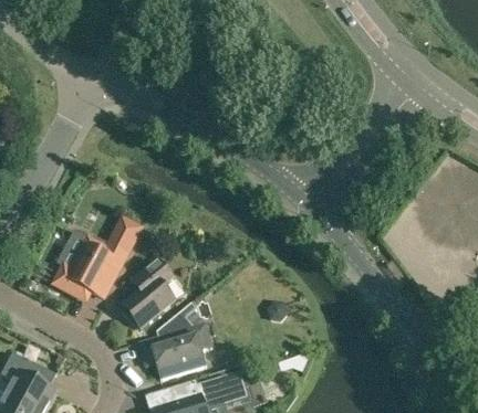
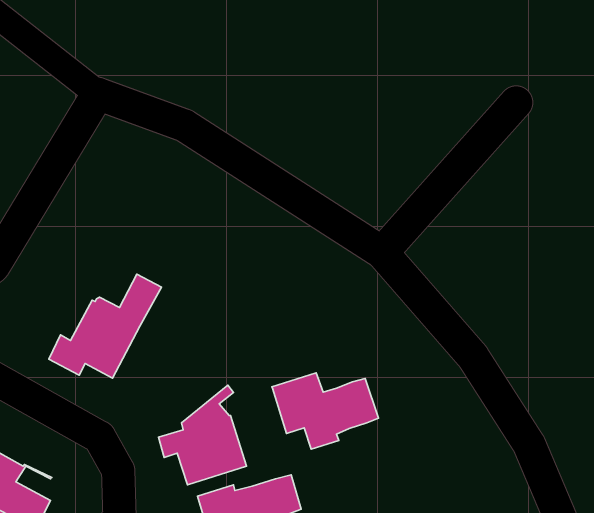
building: [122,260,174,329] -> none
building: none -> [272,373,378,449]

